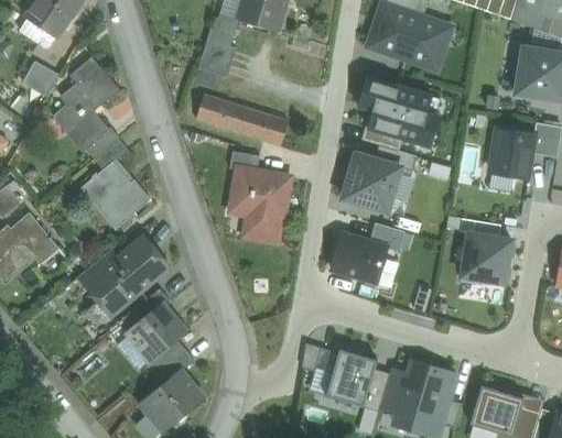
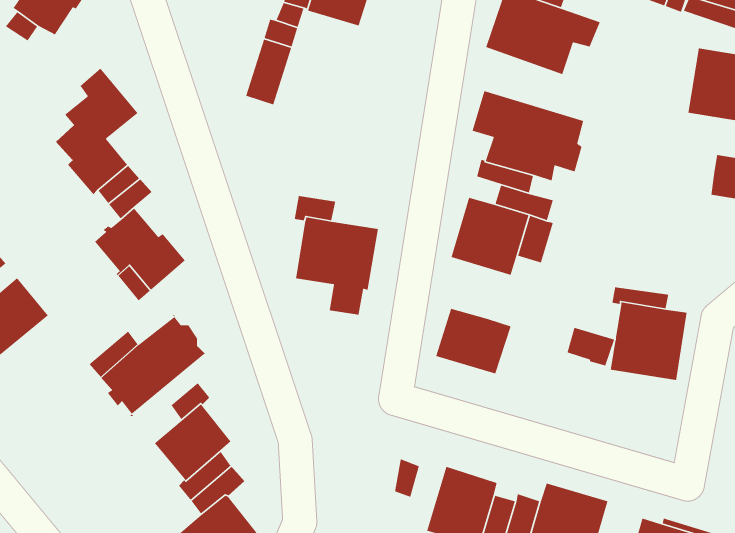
building: [24,62,60,96] -> none
building: [195,96,287,147] -> none
building: [490,130,533,177] -> none
building: [370,223,406,252] -> [566,327,615,366]

